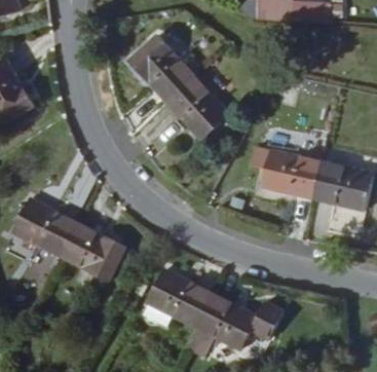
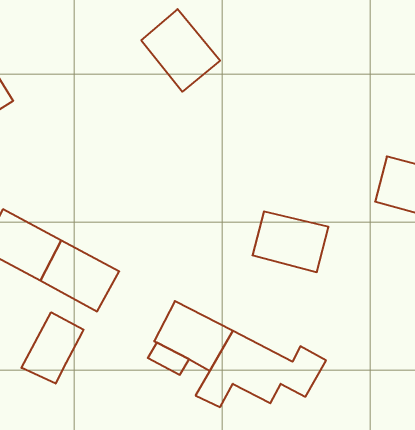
building: [164,75,227,141] -> none
building: [266,139,327,187] -> [252,211,329,272]
building: none -> [21,312,84,384]

